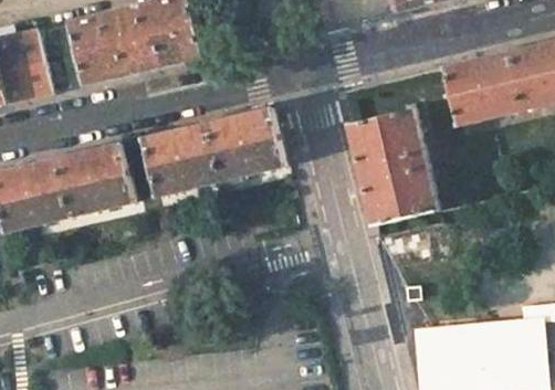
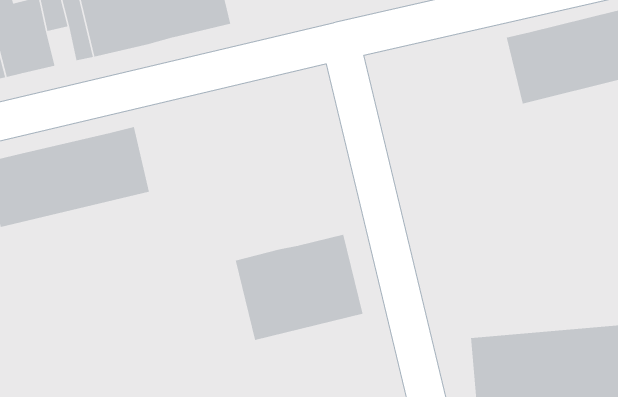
building: [347,106,437,225] -> none
building: [139,108,286,197] -> none
building: none -> [235,234,364,341]

